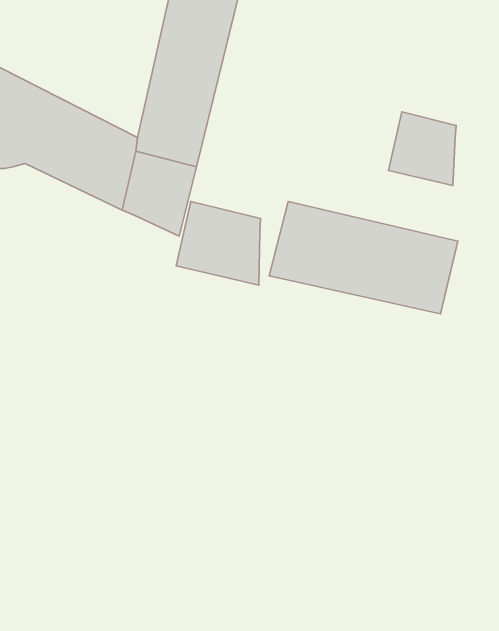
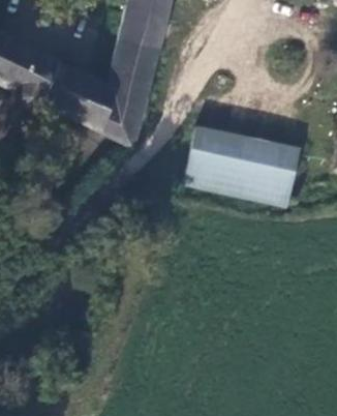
building: [388,112,456,186] -> none
building: [176,201,260,285] -> none

